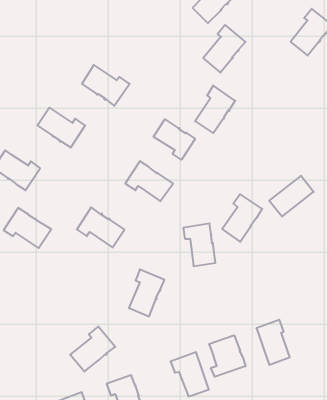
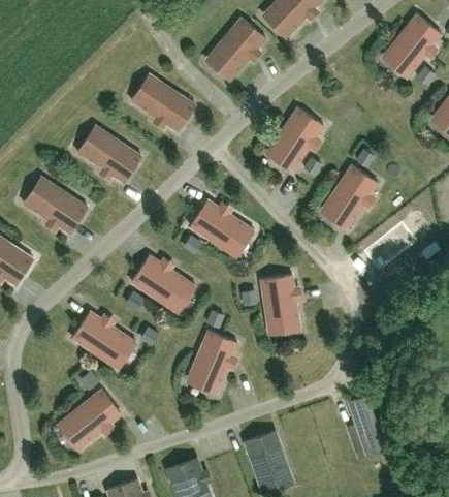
building: [203,25,246,73] -> [213,18,264,75]
building: [154,119,195,160] -> none
building: [222,194,262,242] -> [328,165,377,223]
building: [4,208,51,248] -> [71,312,129,361]
building: [70,326,115,372] -> [66,390,121,444]
building: [209,335,246,377] -> none

